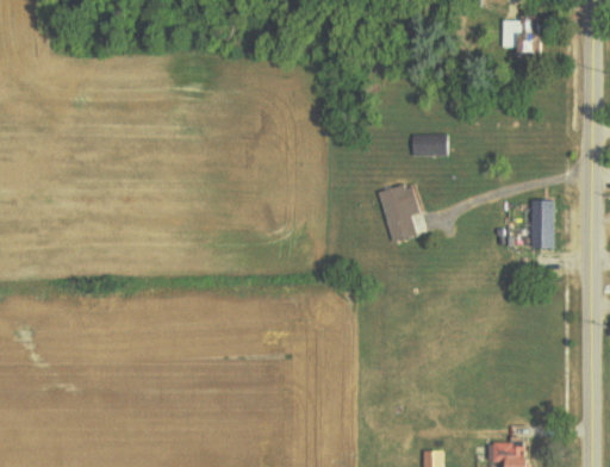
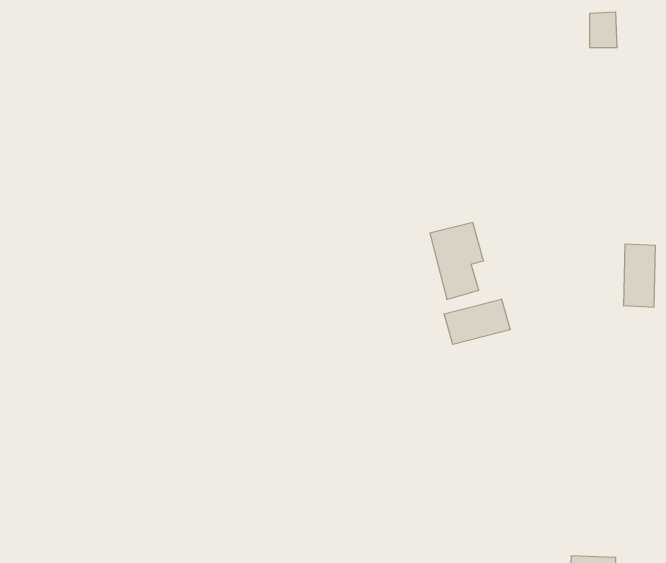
building: [412,133,448,155] -> none
building: none -> [444,299,510,344]

